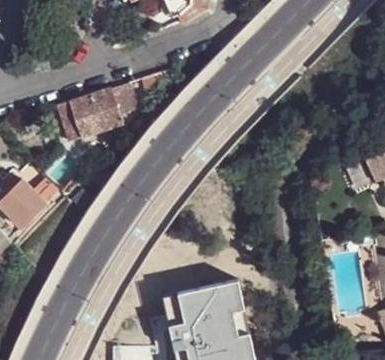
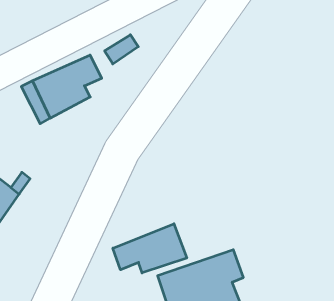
building: none -> [113,224,187,273]

